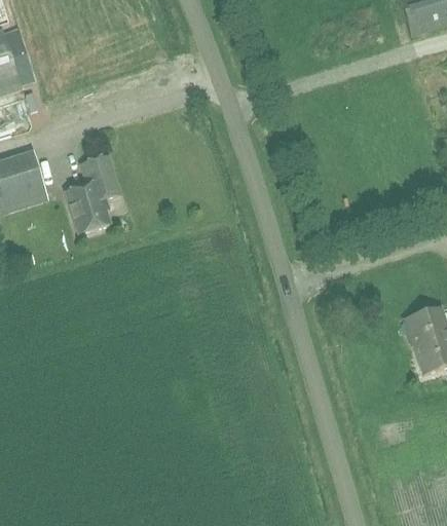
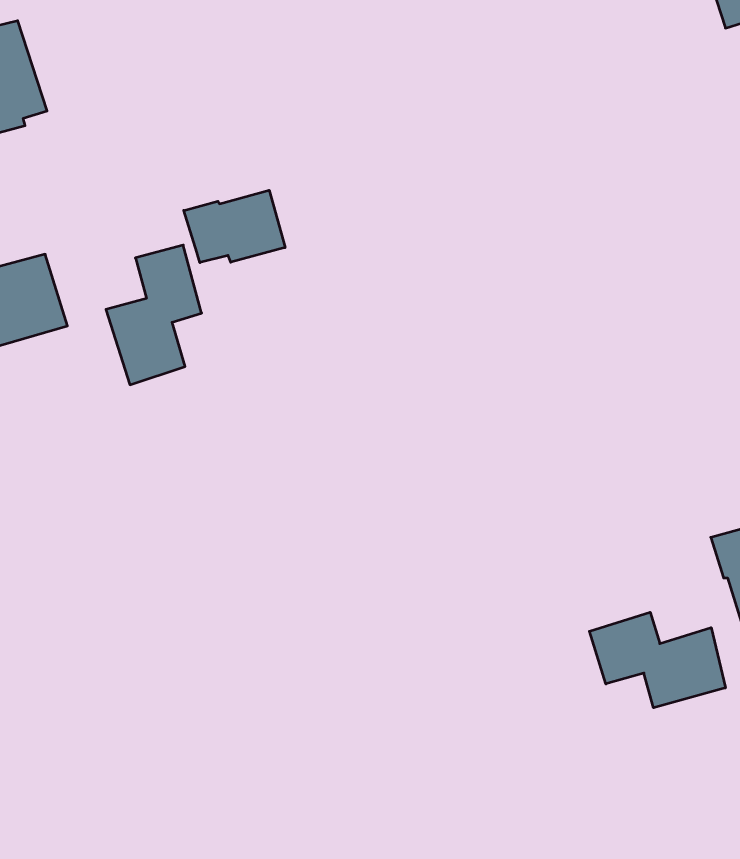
building: none -> [184,190,285,263]
building: none -> [589,612,725,708]

